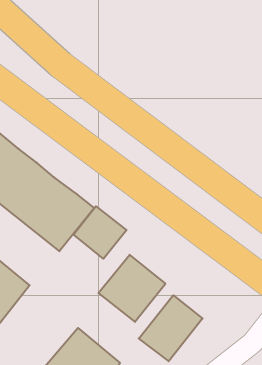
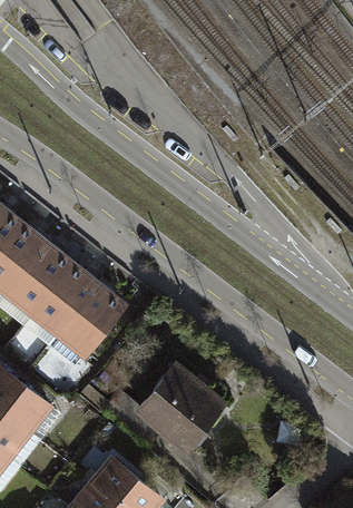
building: [73,206,127,259] -> none
building: [139,295,203,361] -> none

